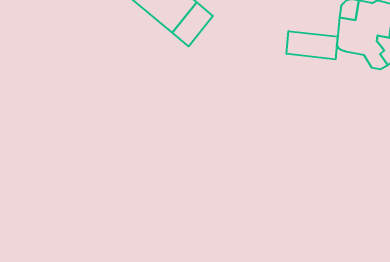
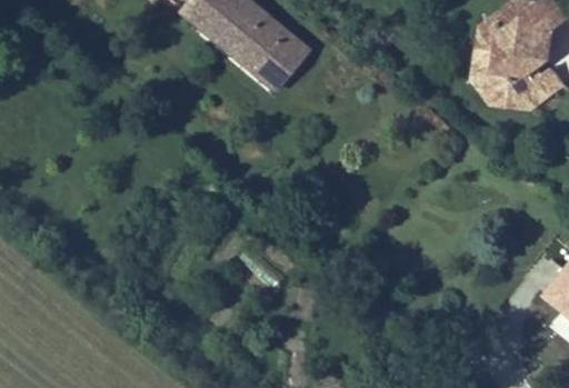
building: [287,31,338,59] -> none

